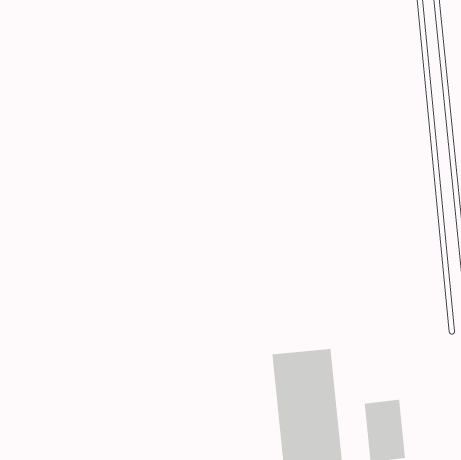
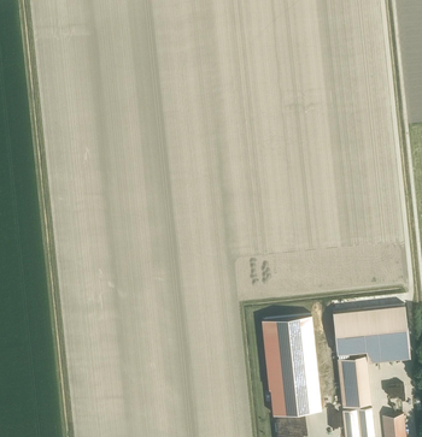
building: none -> [333,307,409,360]

